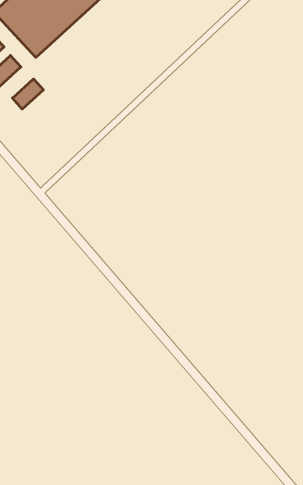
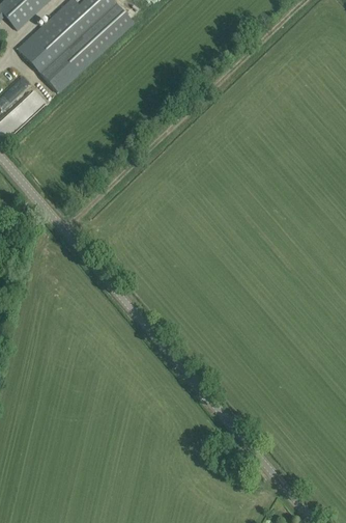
building: [12,79,43,109] -> none

